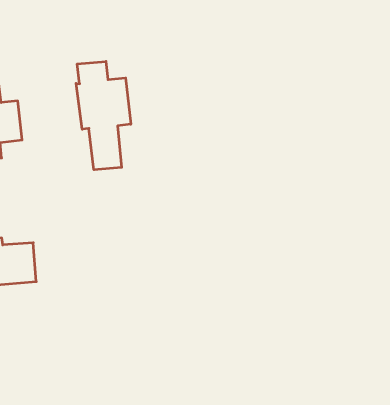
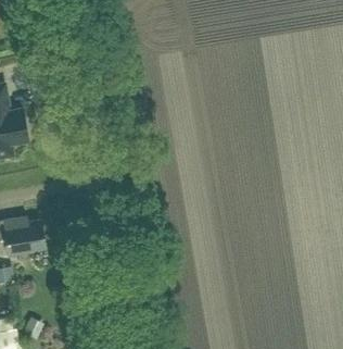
building: [76,61,131,170] -> none

